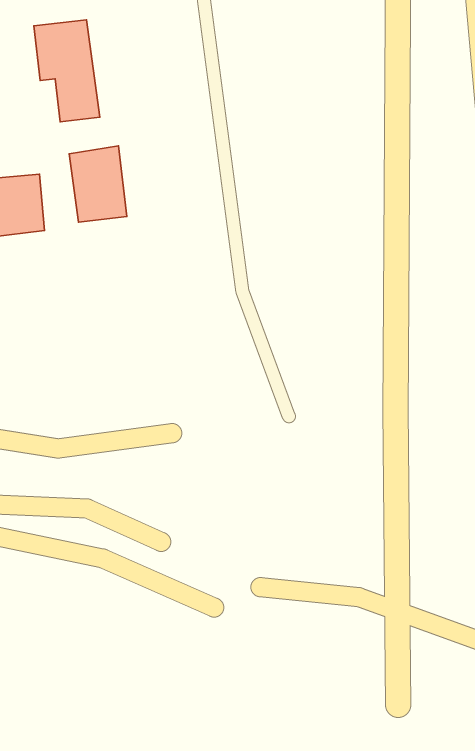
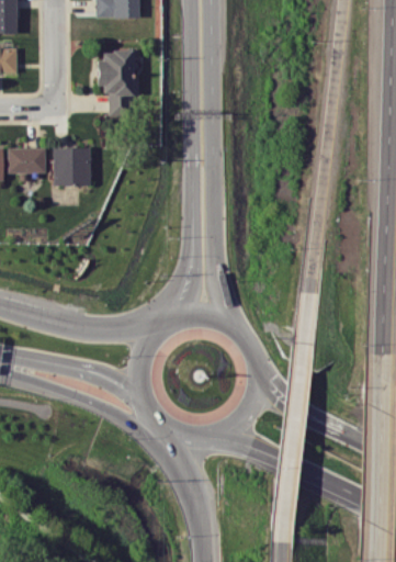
building: [69,146,127,222] -> none

